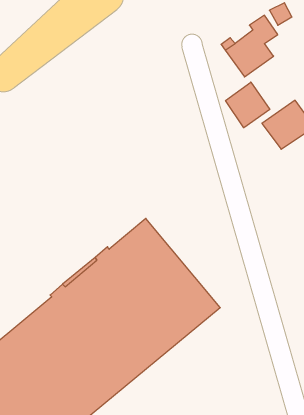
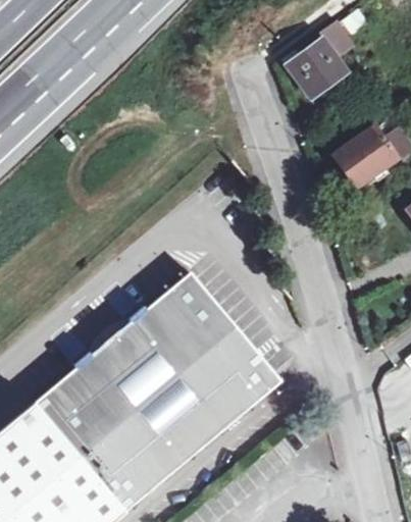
building: [226,82,270,128] -> none

